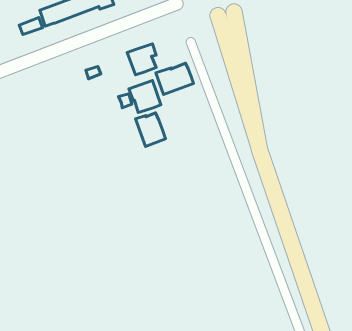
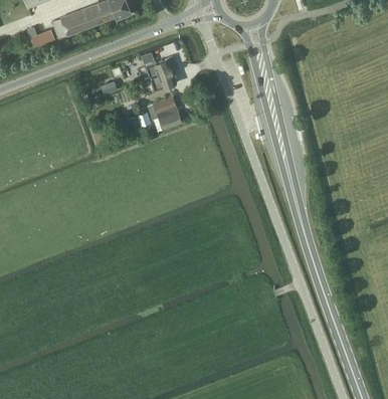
building: [156,63,193,94] -> none
building: [136,113,166,147] -> none

